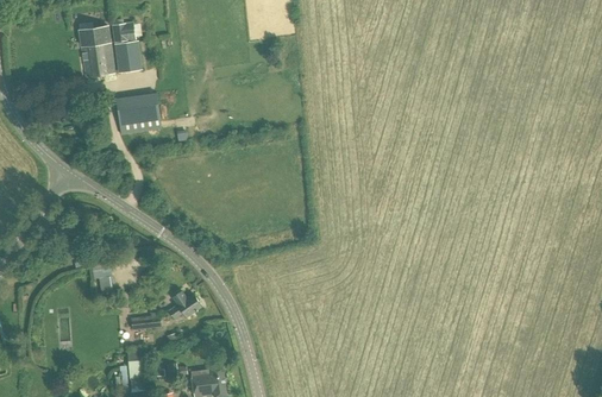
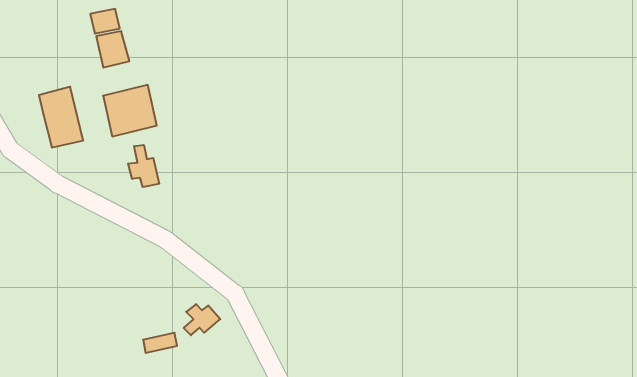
building: [79,24,114,76] -> [39,87,83,147]
building: none -> [128,145,159,187]

